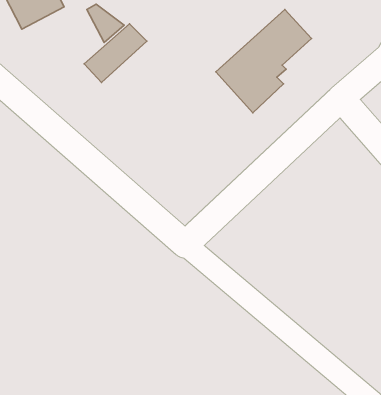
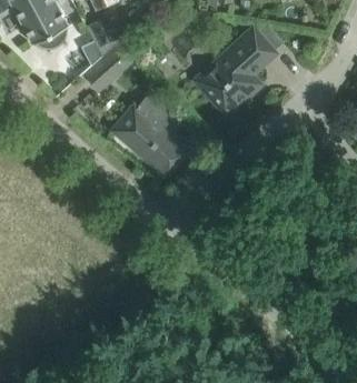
building: none -> [113,102,187,172]

